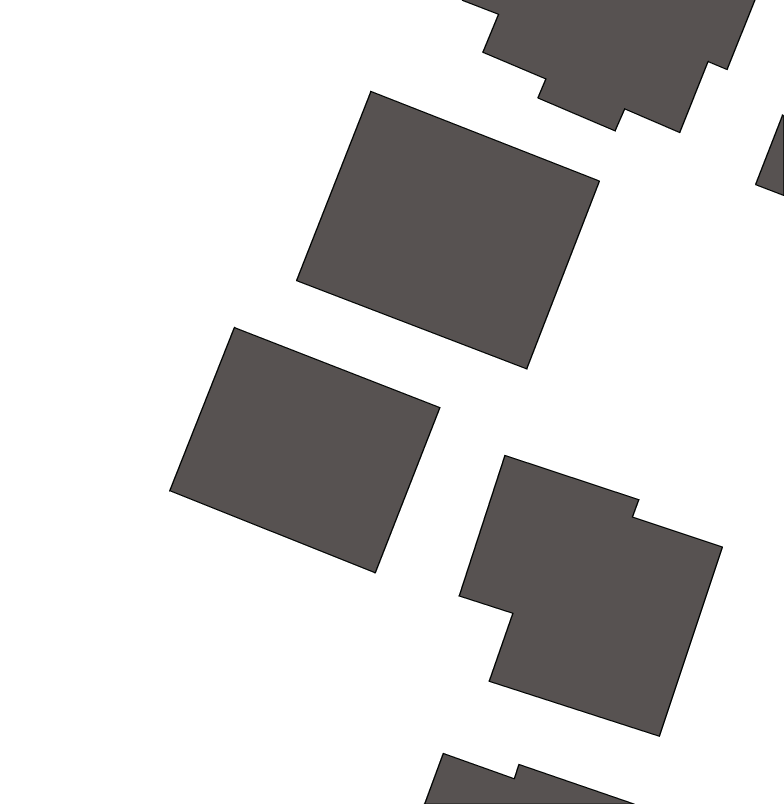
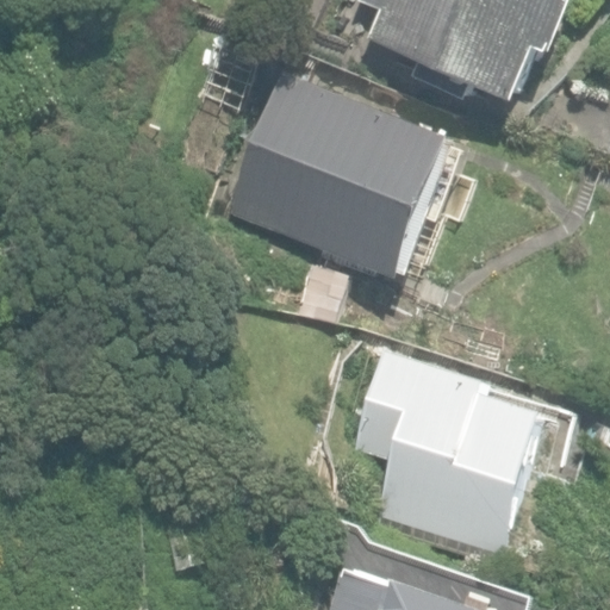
building: [170,327,440,573] -> none

